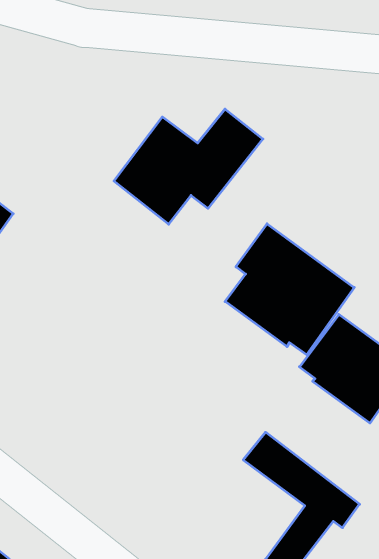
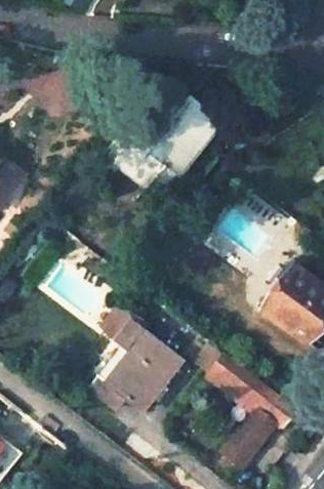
building: [225,224,354,355] -> none
building: none -> [90,308,179,409]

